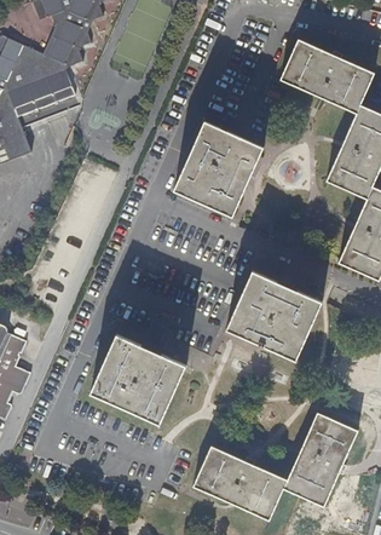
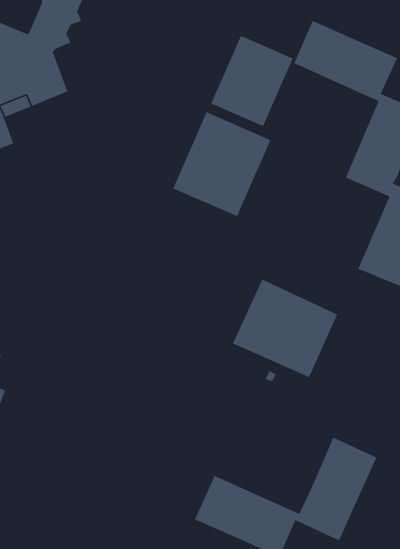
building: none -> [210,35,294,127]
building: [90,335,184,422] -> none

